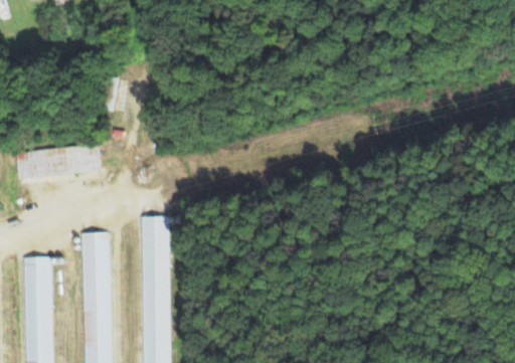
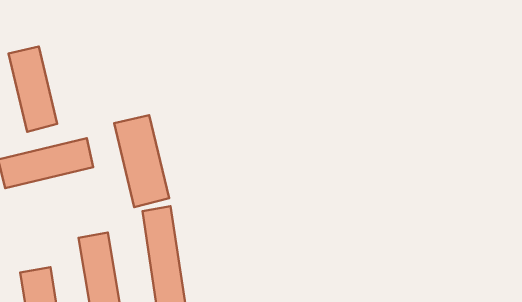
building: none -> [8,46,57,132]
building: none -> [114,115,169,207]

